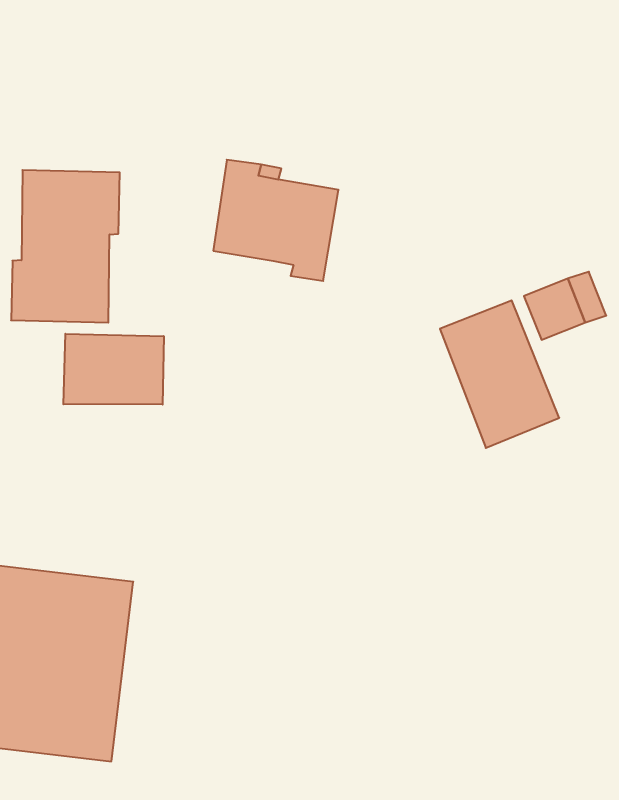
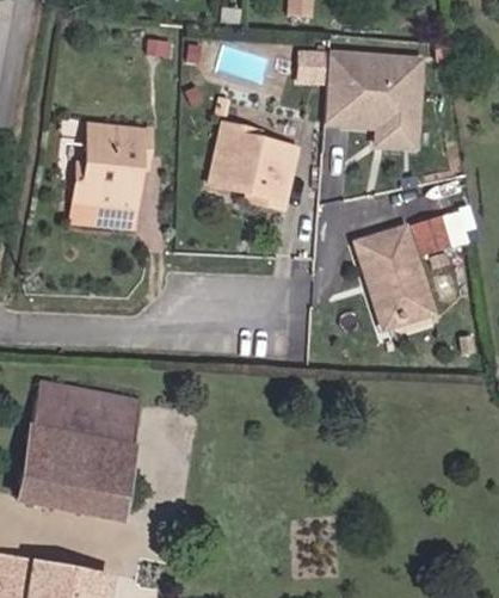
building: none -> [298,47,431,150]
building: [63,334,164,405] -> none

